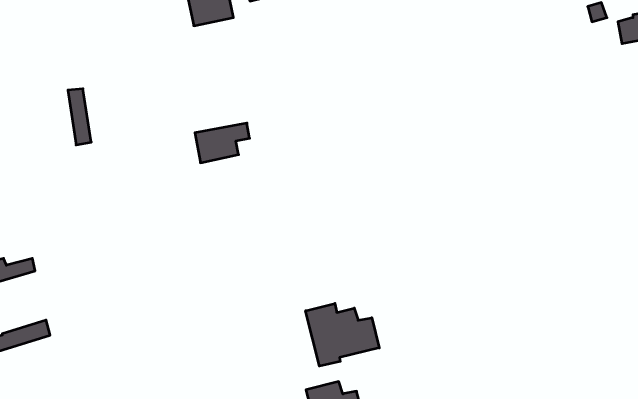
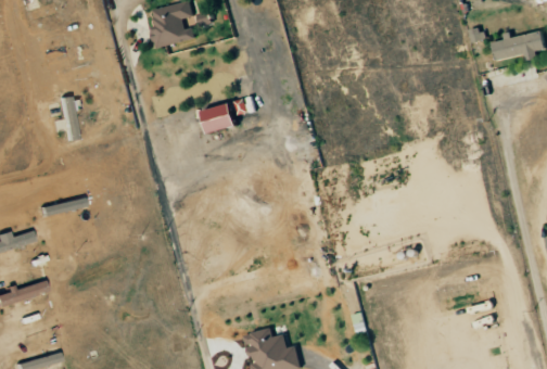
building: [195,123,250,163] -> [205,101,249,132]
building: [306,303,379,366] -> none

